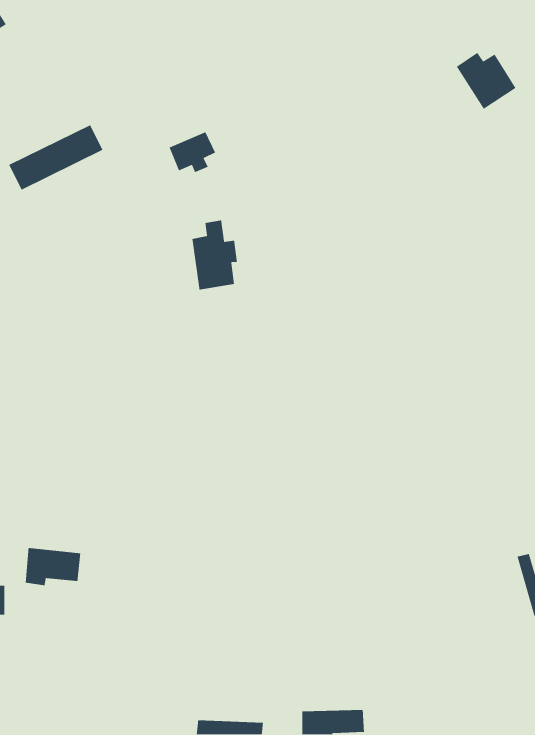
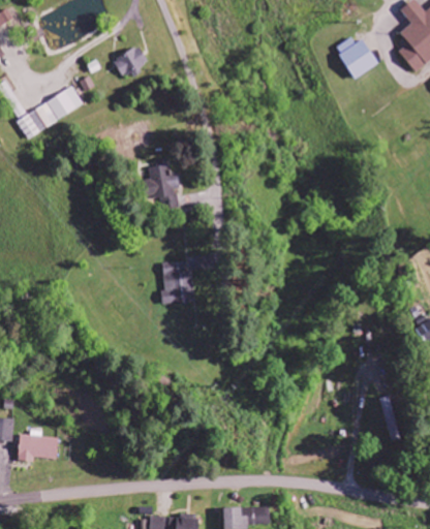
building: [168,131,216,173] -> [113,46,147,76]
building: none -> [161,261,191,303]
building: [25,547,81,586] -> [18,434,58,462]

